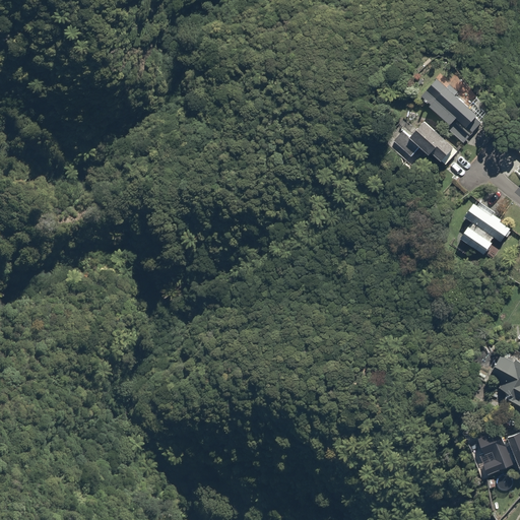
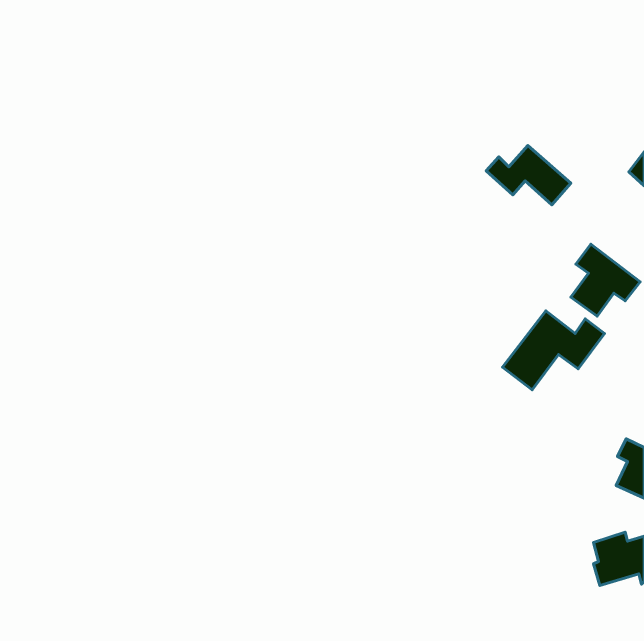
building: [417,72,491,140] -> none
building: none -> [503,311,605,390]

